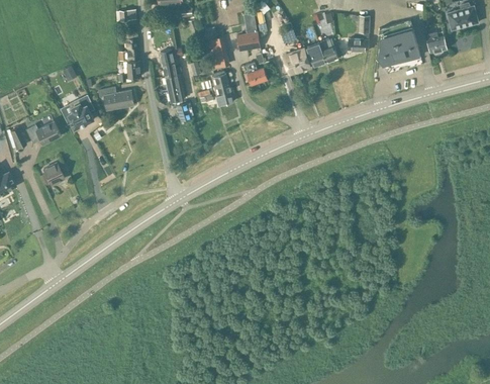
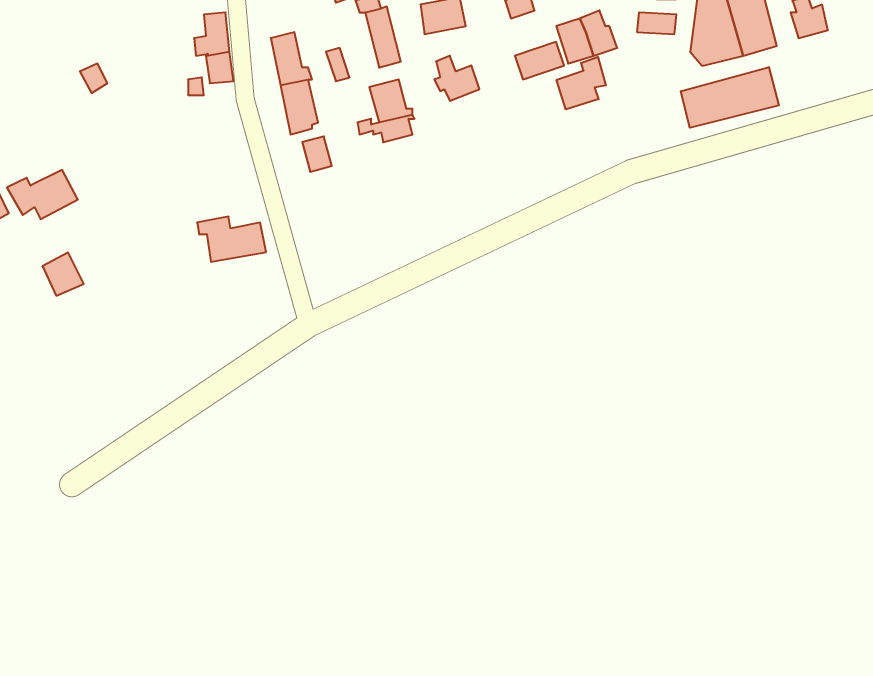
building: none -> [557,57,606,109]
building: none -> [681,67,779,128]
building: [98,86,133,109] -> [197,217,266,262]
building: [65,100,92,128] -> none

